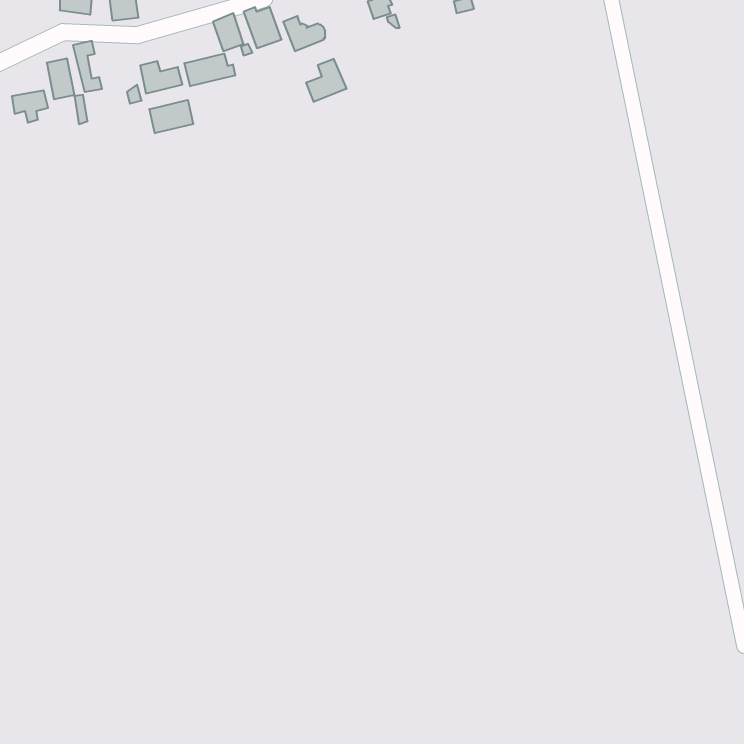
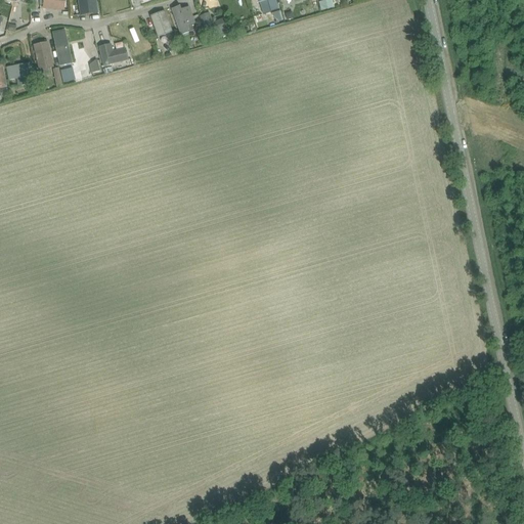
building: [184,54,235,86] -> none
building: [306,59,346,102] -> none
building: [149,100,193,133] -> none

